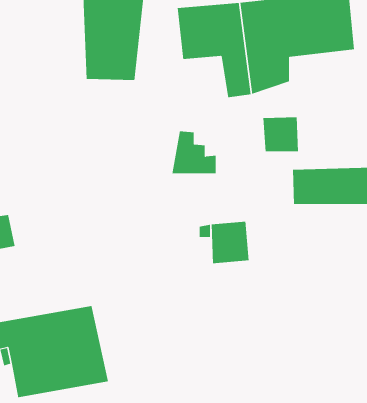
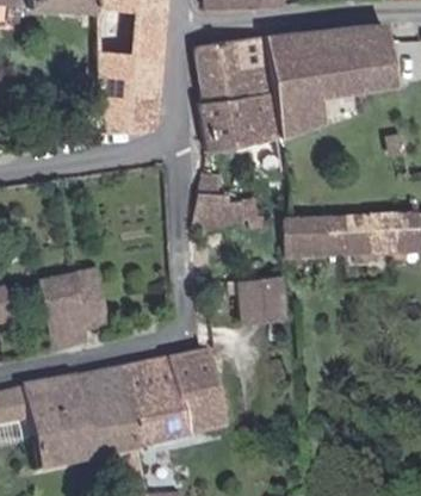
building: none -> [198,98,254,148]
building: [263,117,299,152] -> [286,221,326,259]
building: none -> [31,266,100,341]
building: none -> [107,354,217,451]

